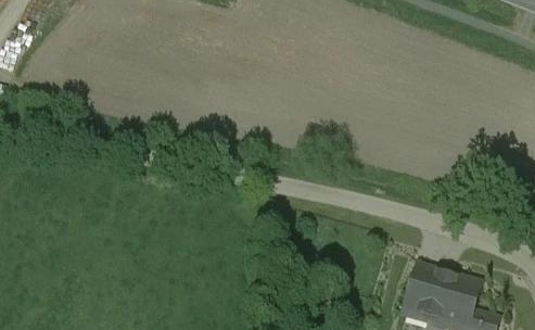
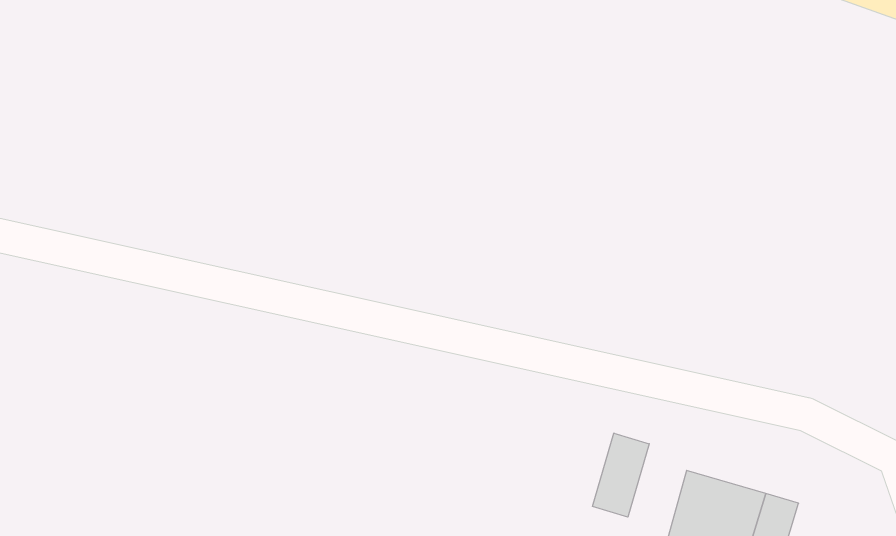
building: none -> [592,433,649,517]

